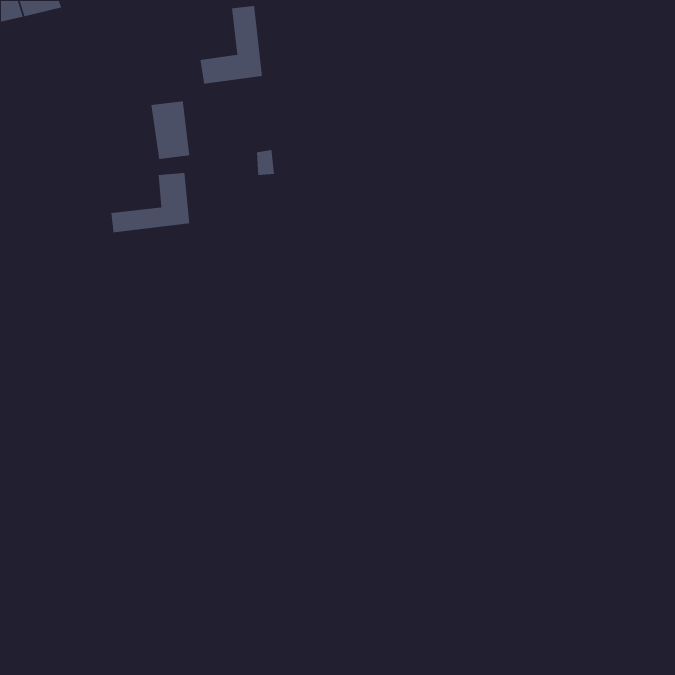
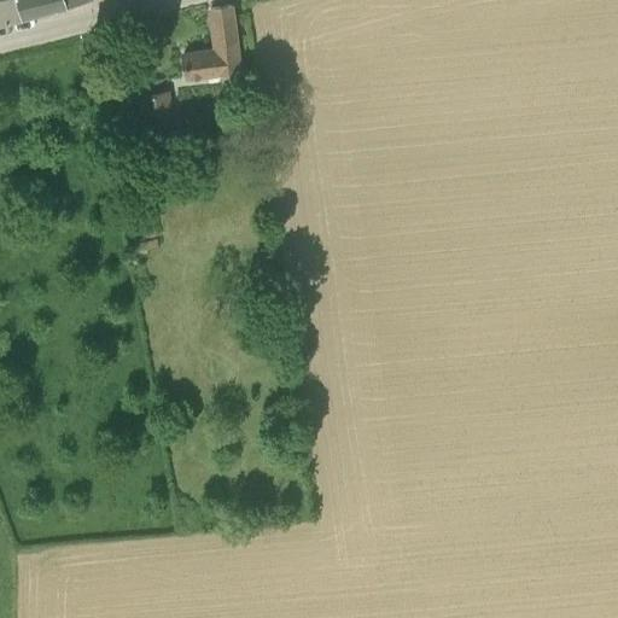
building: [111,172,190,233] -> none

